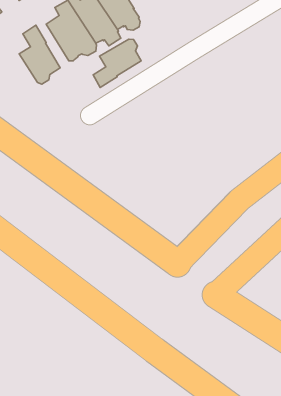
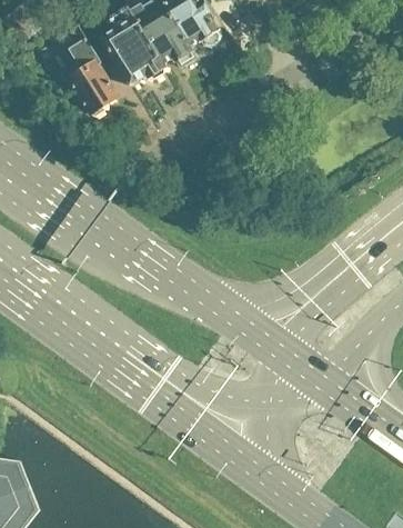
building: [93,39,141,88] -> none

